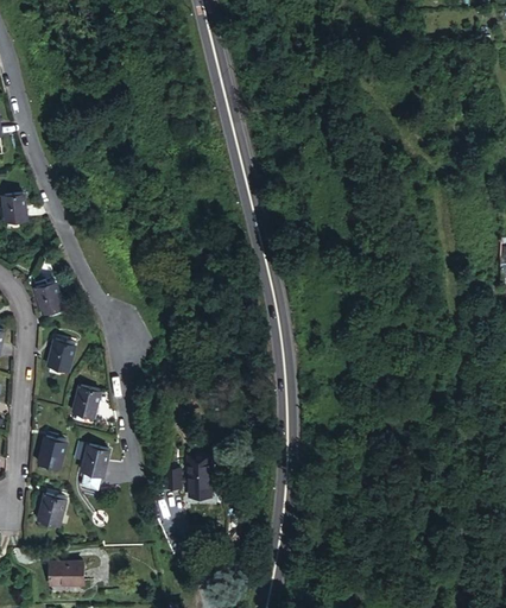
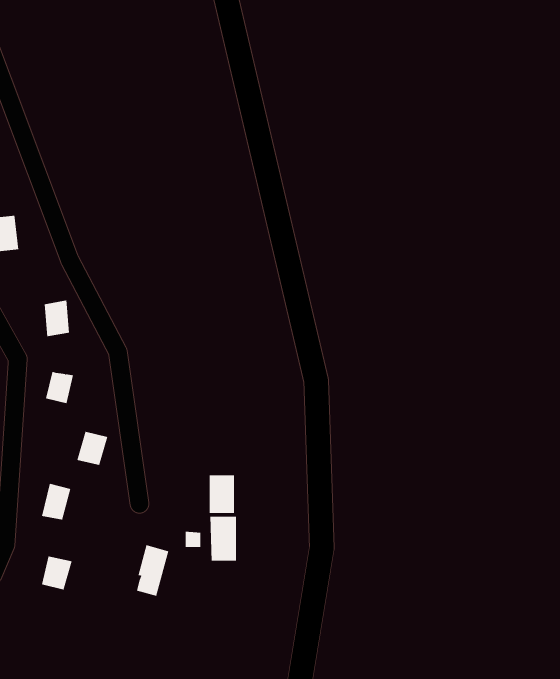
building: none -> [209,474,234,514]
building: [84,445,113,490] -> [136,544,169,596]
building: [48,560,81,583] -> none

